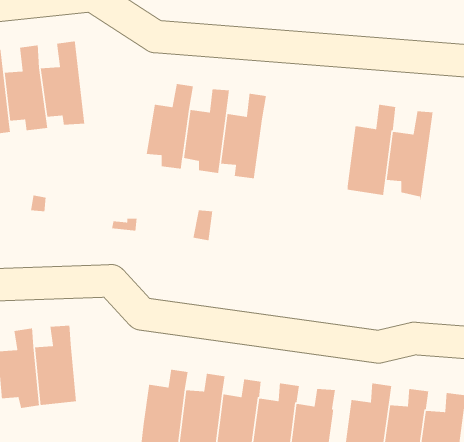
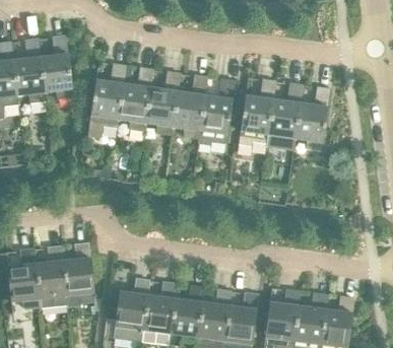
building: none -> [87,63,126,137]
building: none -> [198,78,235,145]
building: none -> [238,79,276,144]
building: none -> [63,241,95,307]

